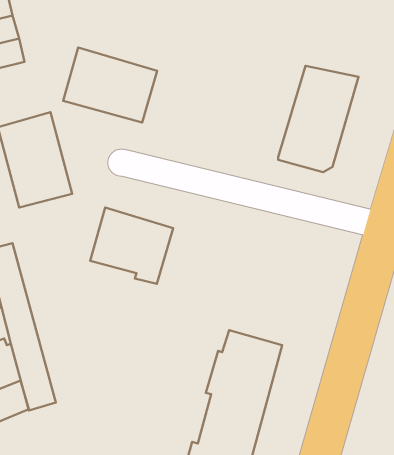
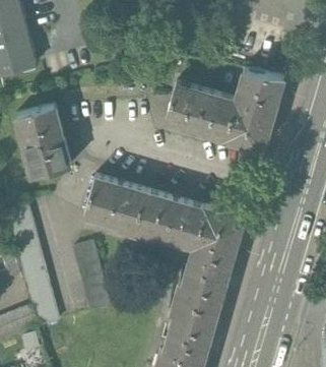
building: [63,48,157,123] -> [166,80,236,136]
building: none -> [134,189,243,277]
building: none -> [73,241,111,310]

